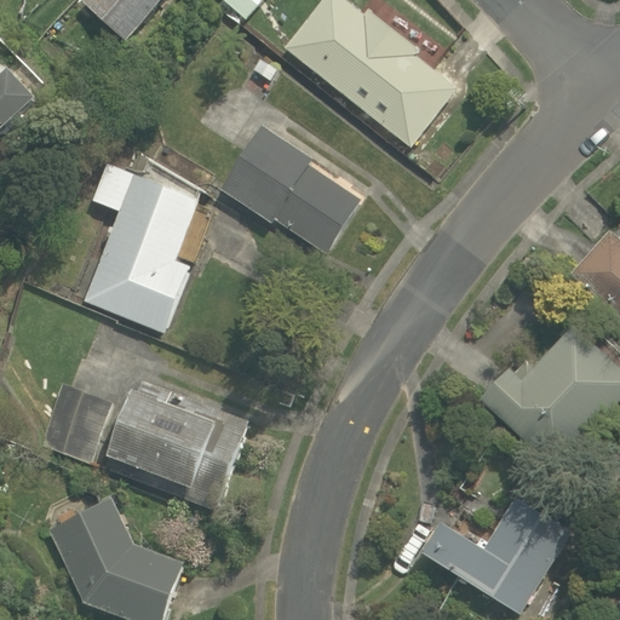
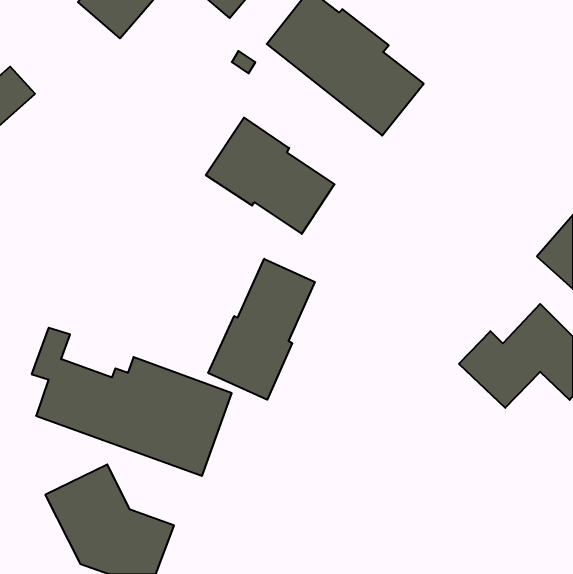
building: [76,159,202,335] -> none
building: none -> [208,259,315,400]
building: [430,489,574,609] -> none

